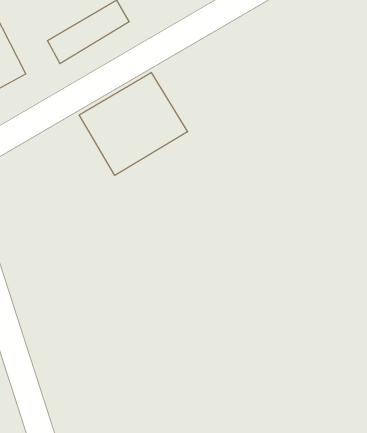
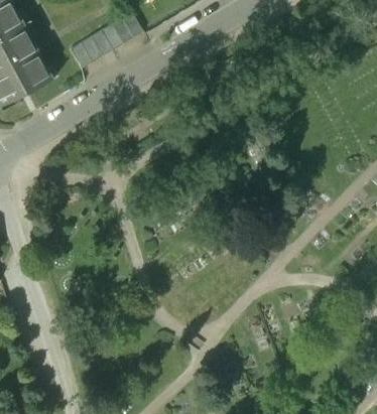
building: [79,72,188,175] -> none

